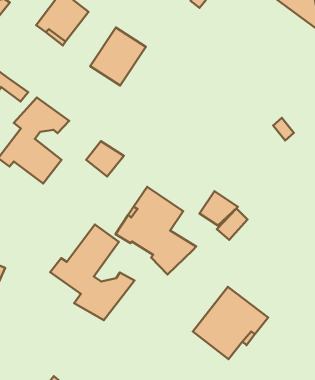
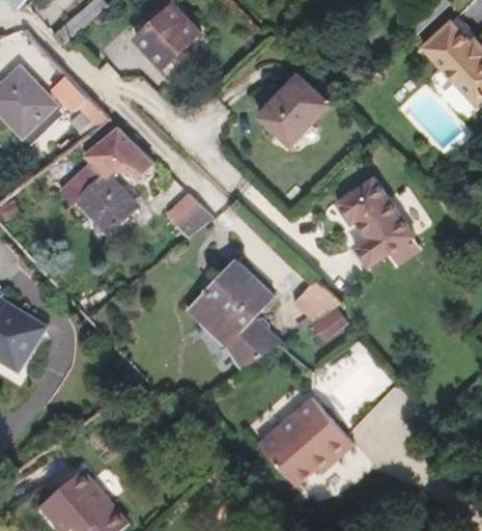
building: [90,27,146,86] -> [257,74,329,145]
building: none -> [335,176,417,268]
building: [50,224,135,320] -> none

